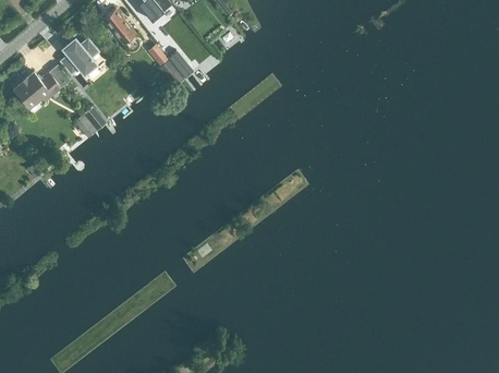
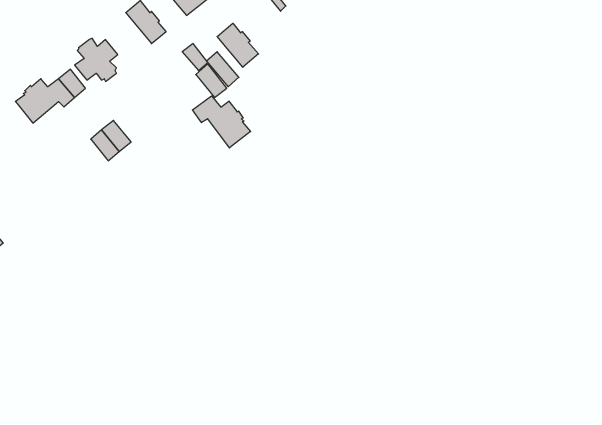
building: none -> [217,23,259,67]
building: none -> [192,96,251,148]

